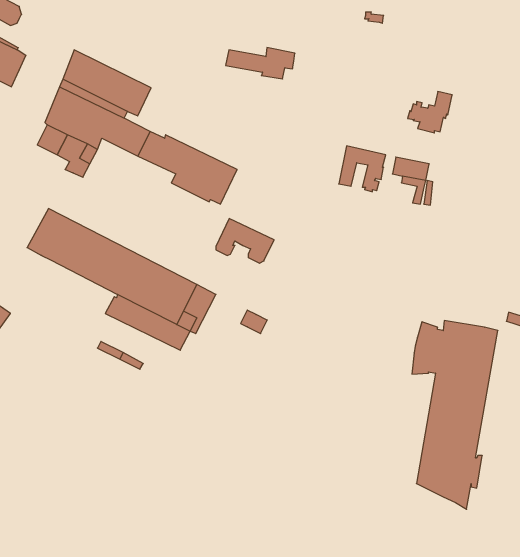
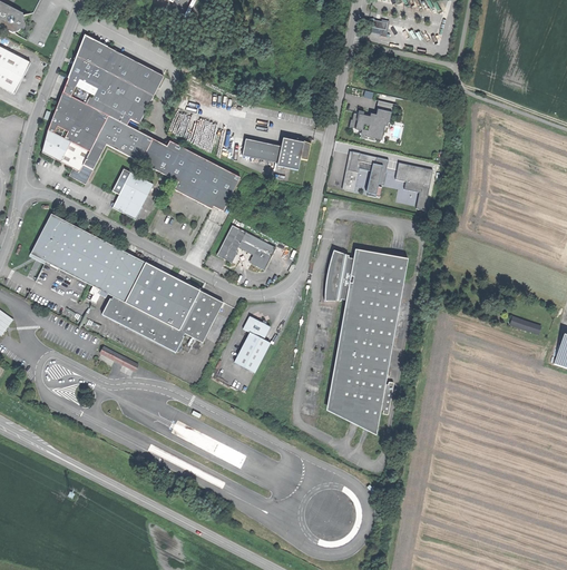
building: none -> [77,35,164,94]
building: [226,48,295,79] -> [241,137,310,168]
building: [408,92,452,133] -> [348,100,392,141]
building: none -> [113,171,153,218]
building: [412,321,498,509] -> [323,249,409,438]
building: none -> [234,332,270,372]

